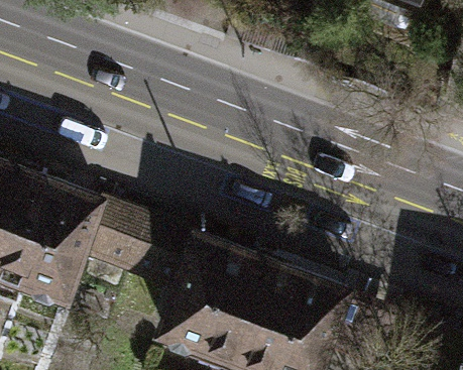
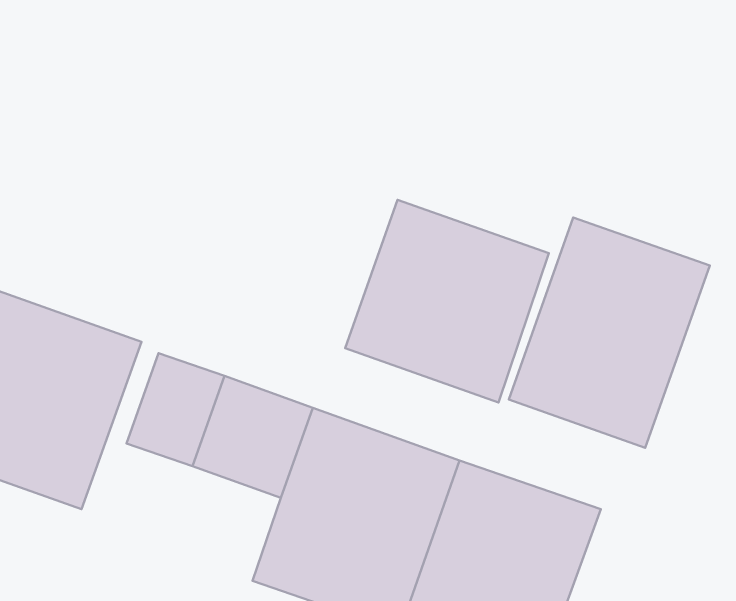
building: none -> [345,200,549,403]
building: none -> [509,218,710,448]

